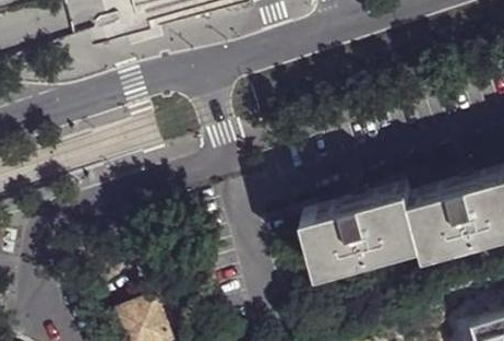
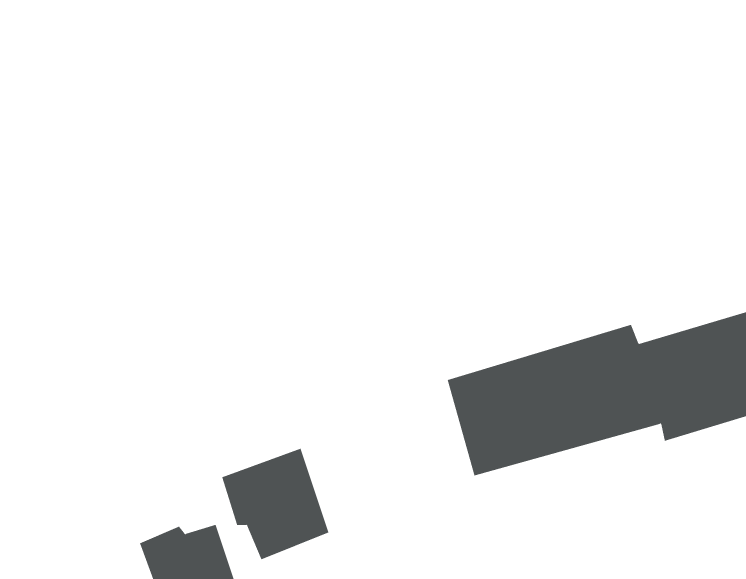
building: none -> [222,448,329,560]

